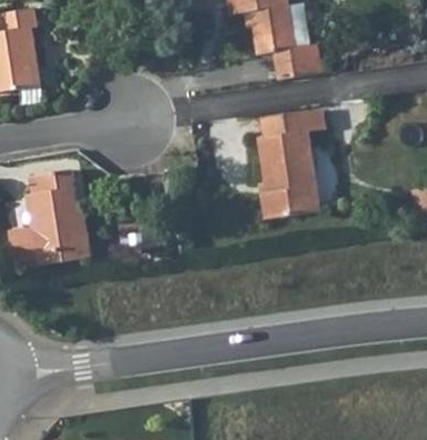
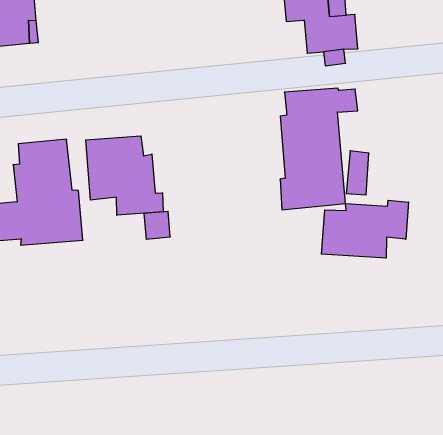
building: none -> [86,136,163,215]
building: none -> [321,200,408,258]

